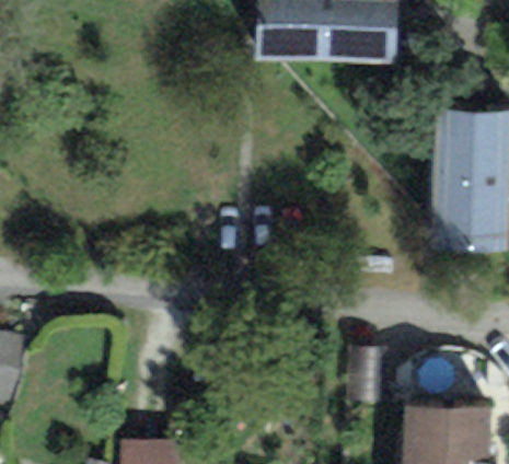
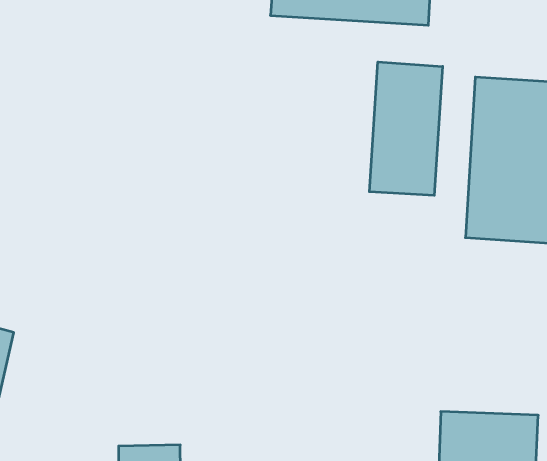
building: none -> [369,62,443,195]

